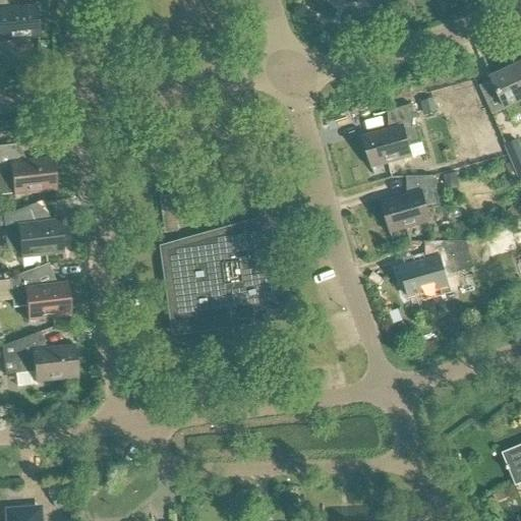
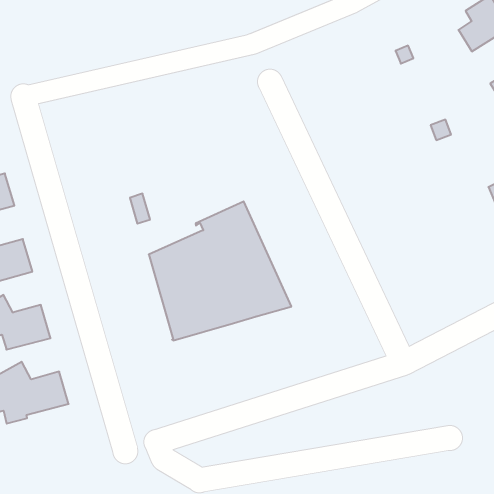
building: [363,104,422,166] -> none
building: [382,175,441,231] -> none
building: [401,240,474,296] -> none

